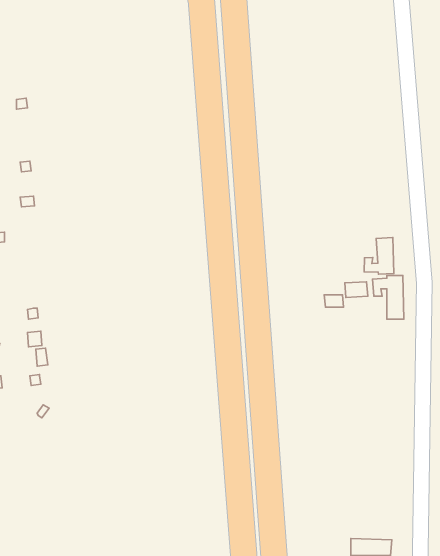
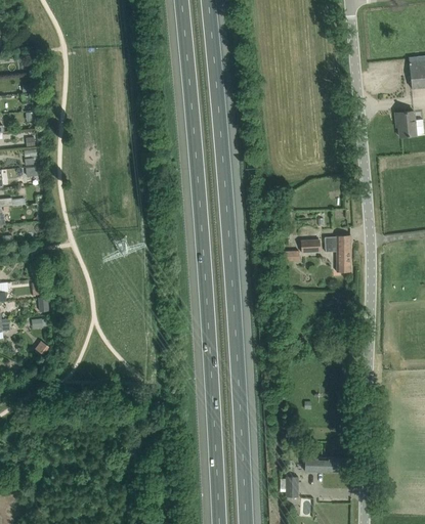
building: [364,238,394,274] -> none

